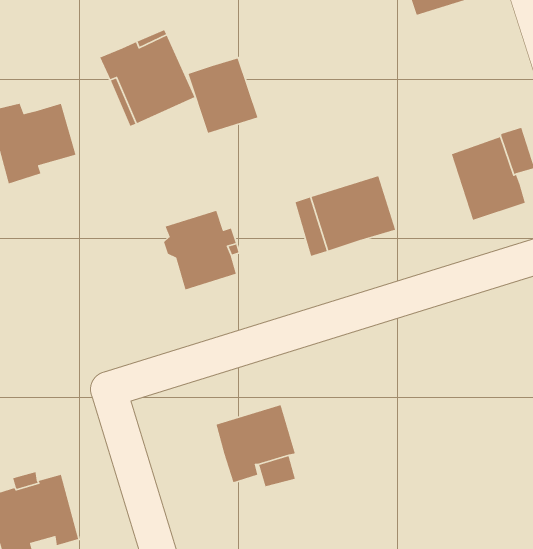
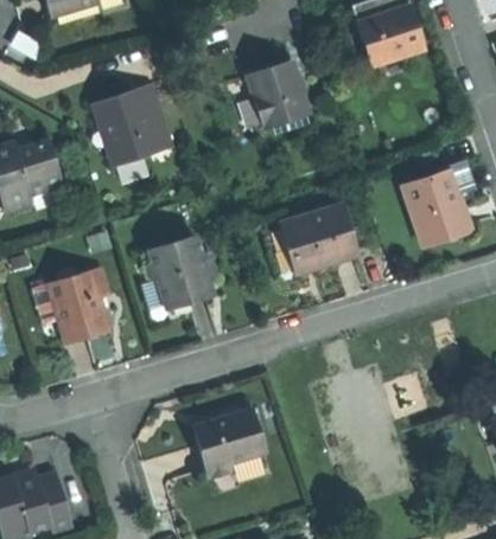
building: [187,58,258,134] -> [248,59,311,127]
building: none -> [49,268,109,344]

